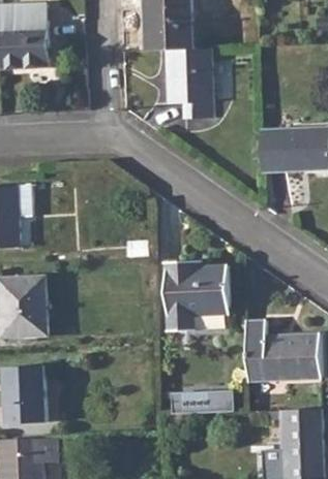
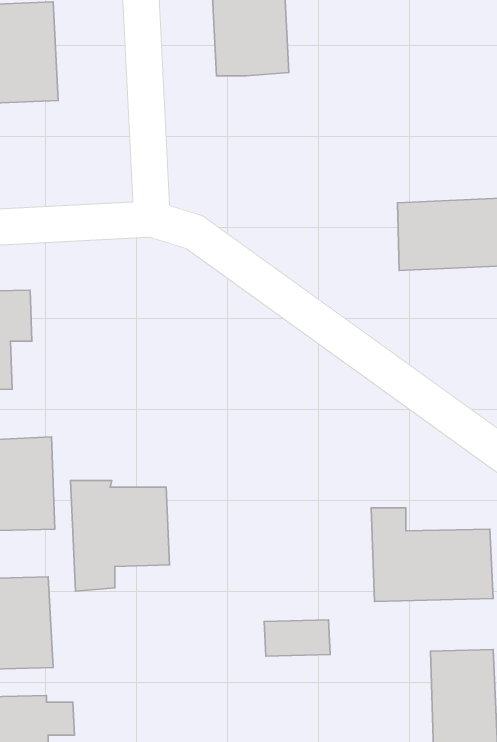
building: [166,49,212,120] -> none
building: [166,262,228,331] -> [70,481,169,591]

